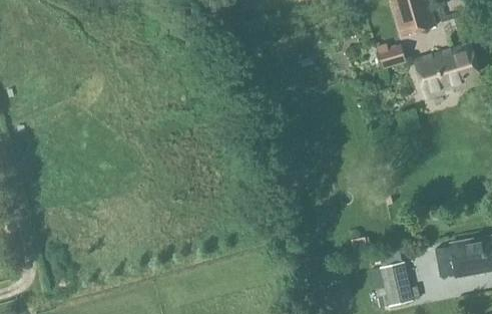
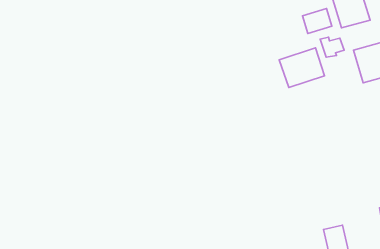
building: none -> [302,8,332,34]
building: none -> [279,48,325,88]

